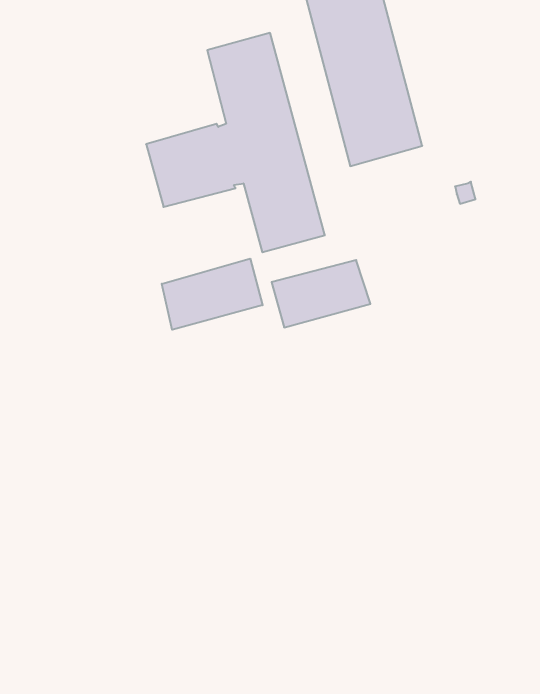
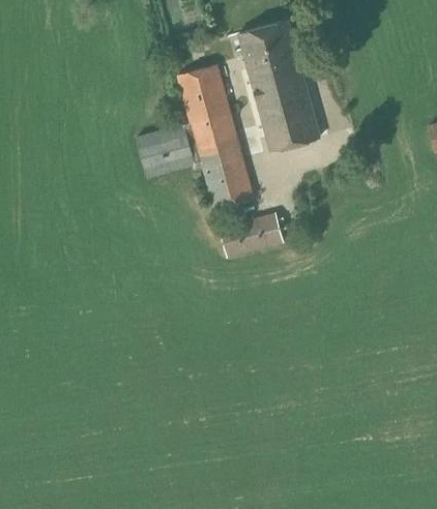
building: [162,259,263,330] -> none

